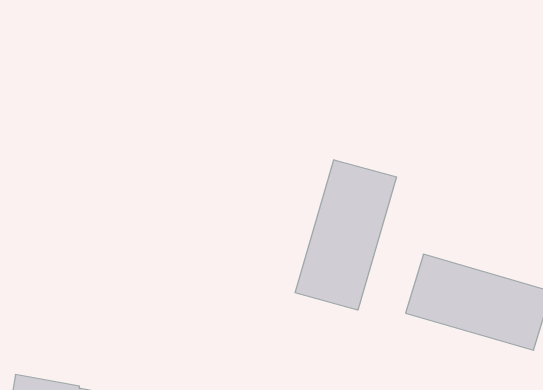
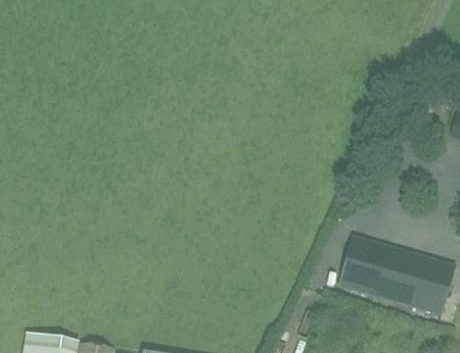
building: [295,160,397,310] -> none

